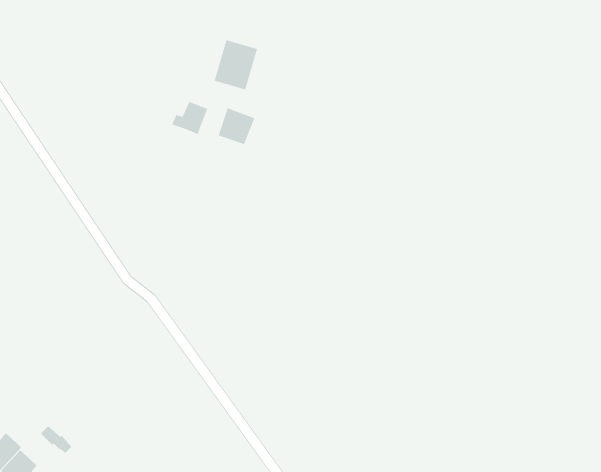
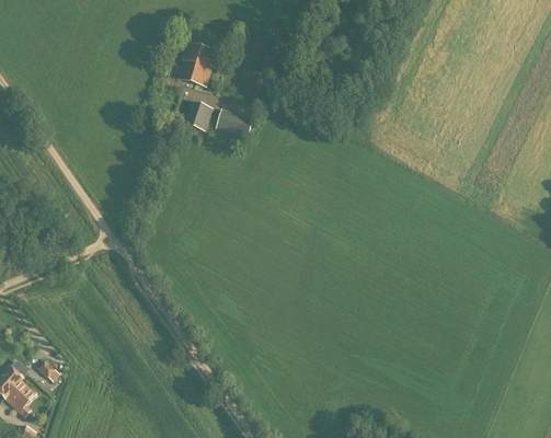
building: [172,101,208,135] -> none
building: none -> [216,107,254,138]

